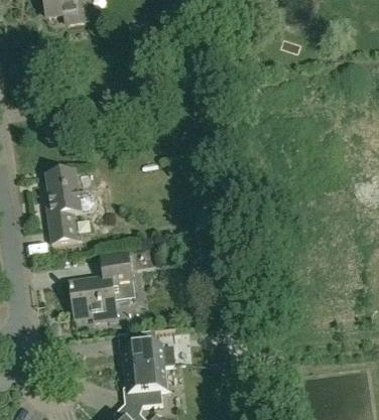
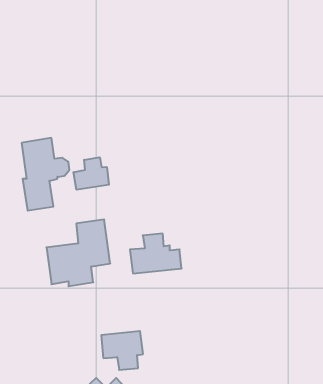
building: none -> [74,157,109,190]
building: [122,329,174,370] -> [130,234,182,273]

